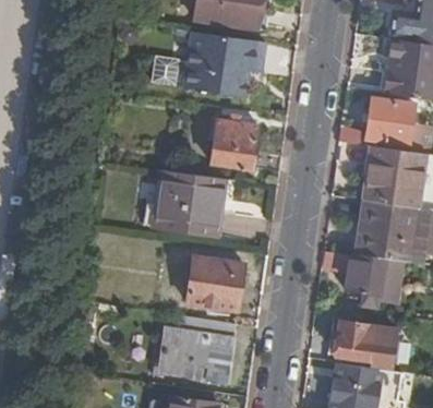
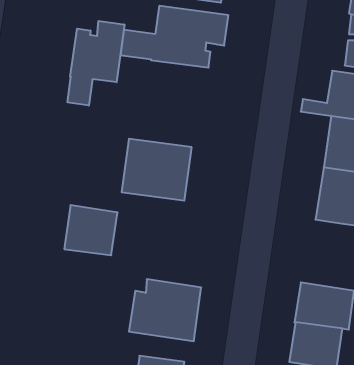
building: none -> [68,21,124,106]
building: [213,122,260,170] -> none
building: [344,254,385,309] -> none
building: [189,257,244,310] -> [64,205,118,255]

